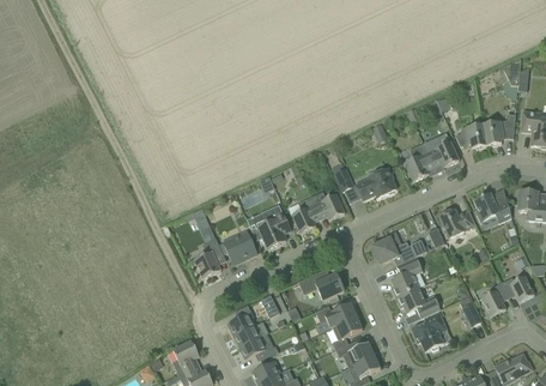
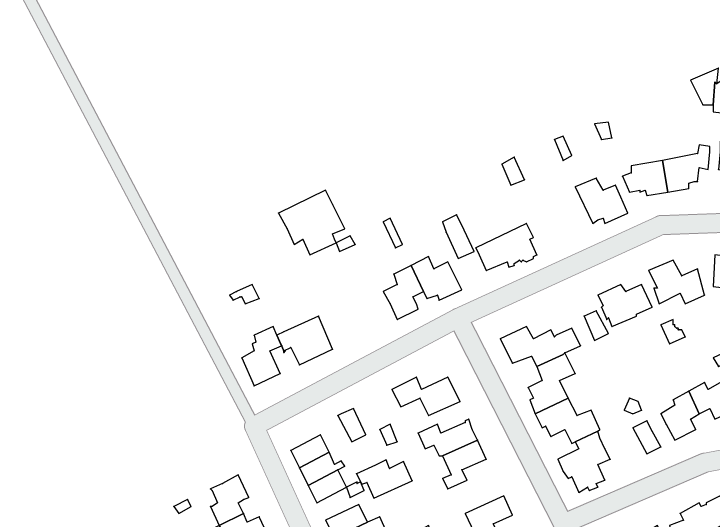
building: [405,143,435,181] -> none
building: [245,204,291,248] -> [278,190,345,255]
building: [335,340,374,367] -> [356,460,412,498]

